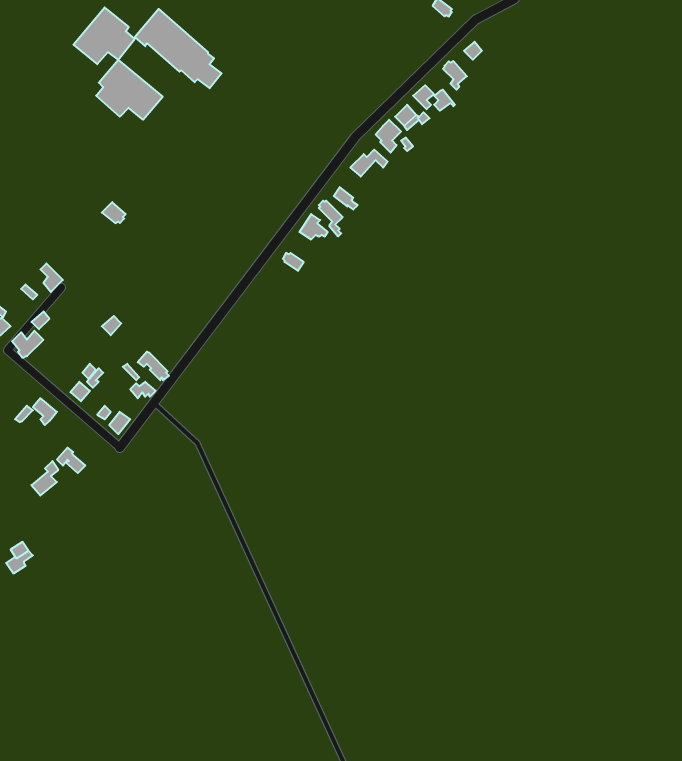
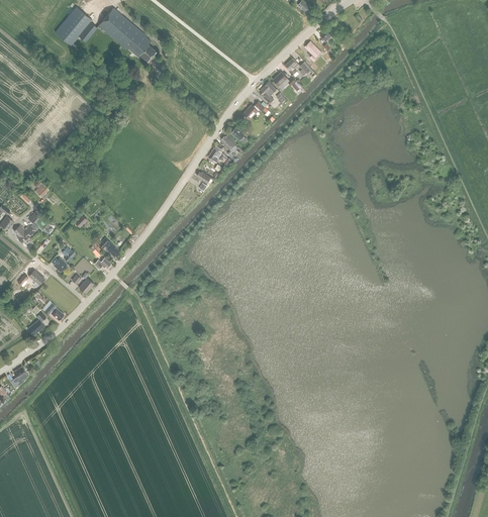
building: [96,60,163,120] -> none

